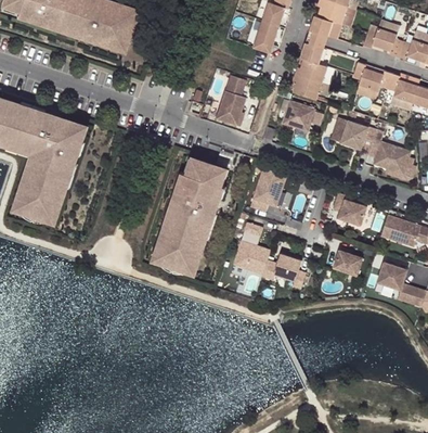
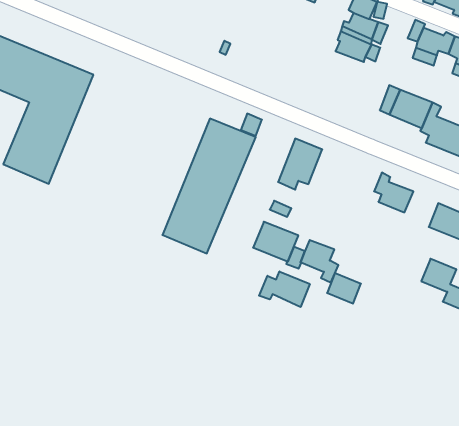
building: [216,76,246,126] -> none
building: [280,100,314,132] -> none
building: [334,251,362,276] -> [327,273,361,304]
building: none -> [259,271,310,307]

